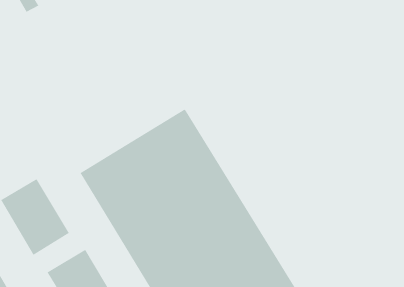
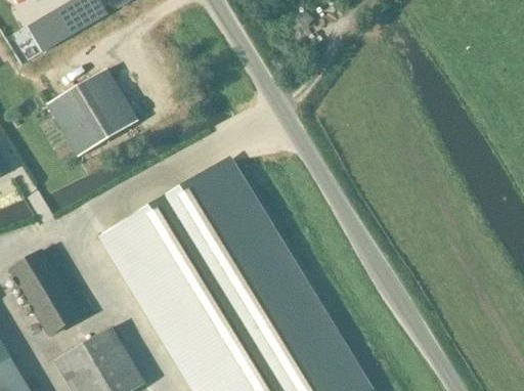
building: none -> [47,68,138,156]

